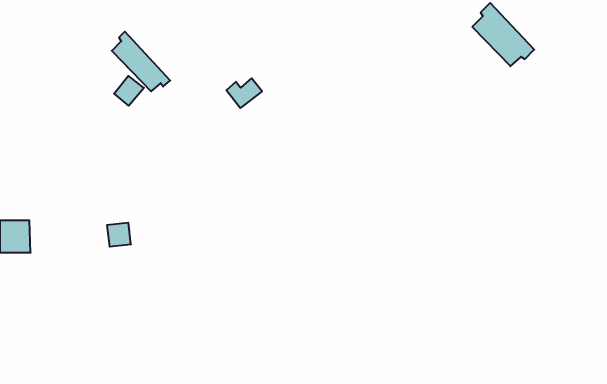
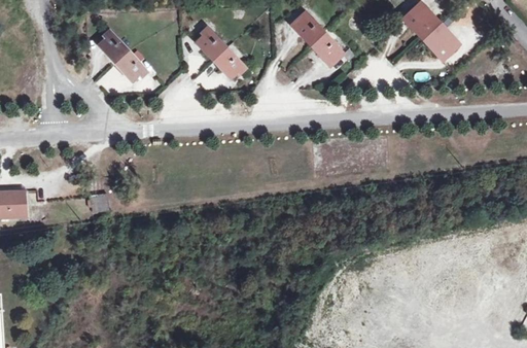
building: none -> [295,13,346,64]
building: none -> [197,26,246,76]

